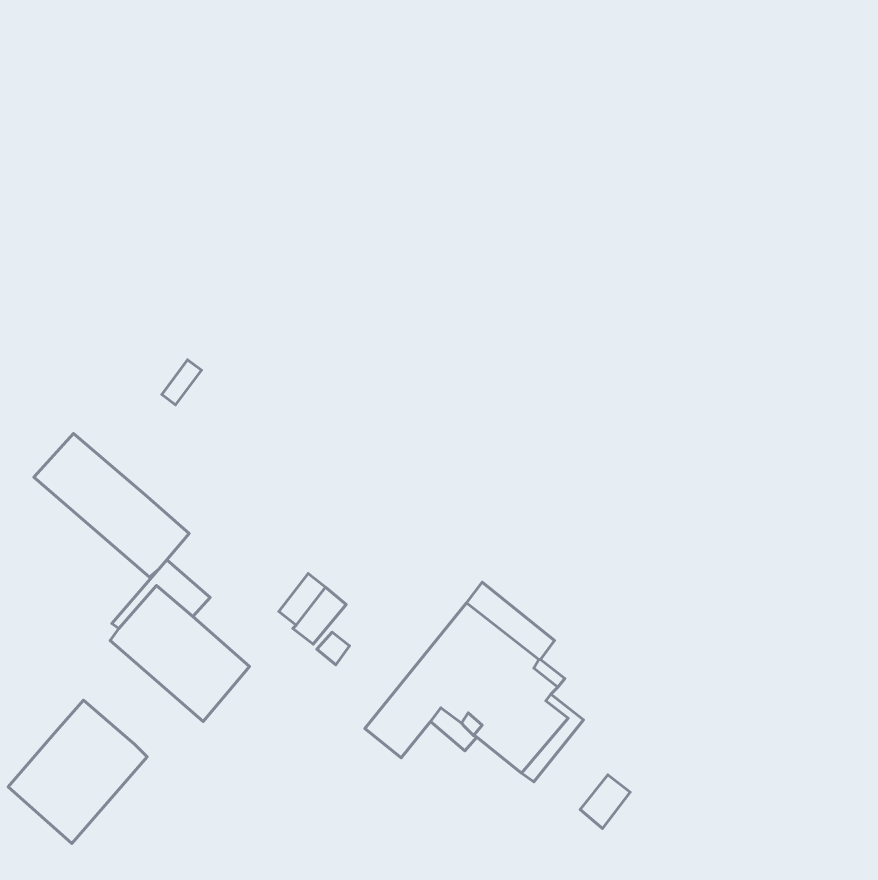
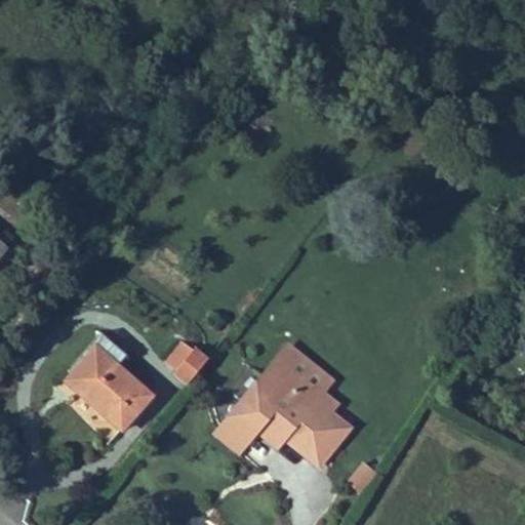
building: [34,433,189,577] -> none
building: [8,700,147,843] -> none

